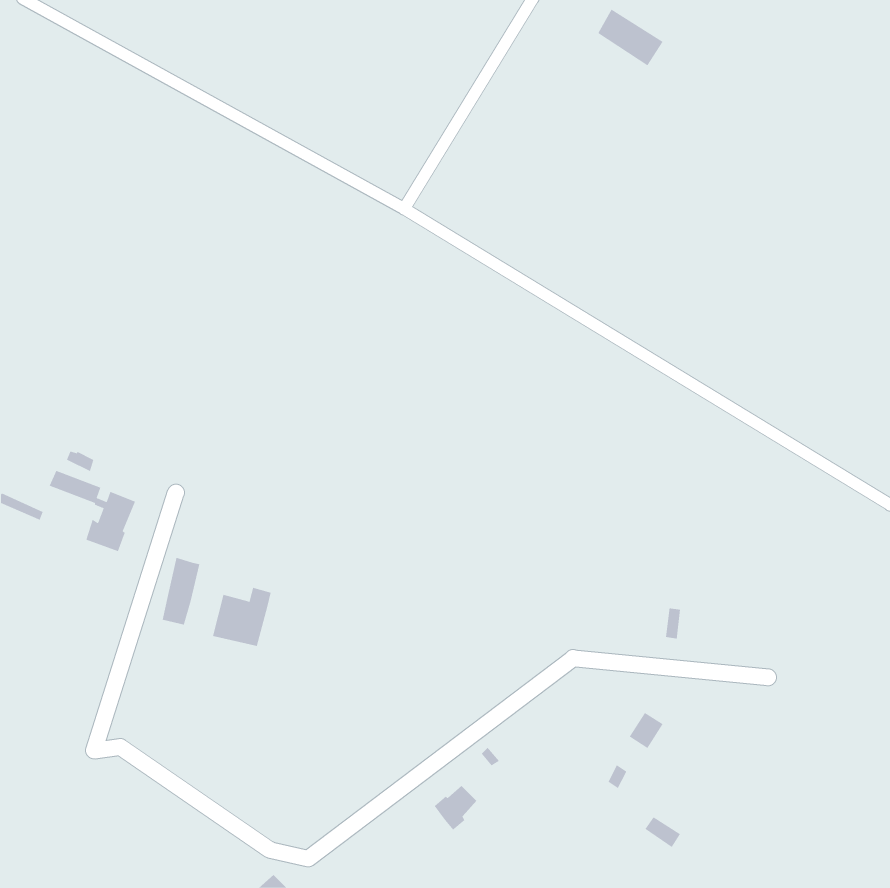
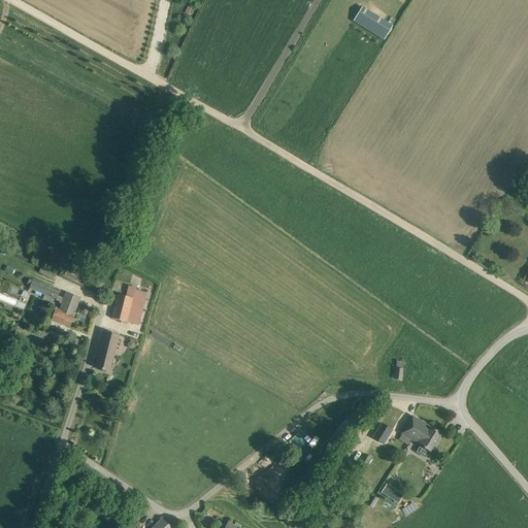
building: [212,587,272,646] -> [111,289,146,324]
building: none -> [401,415,441,457]

